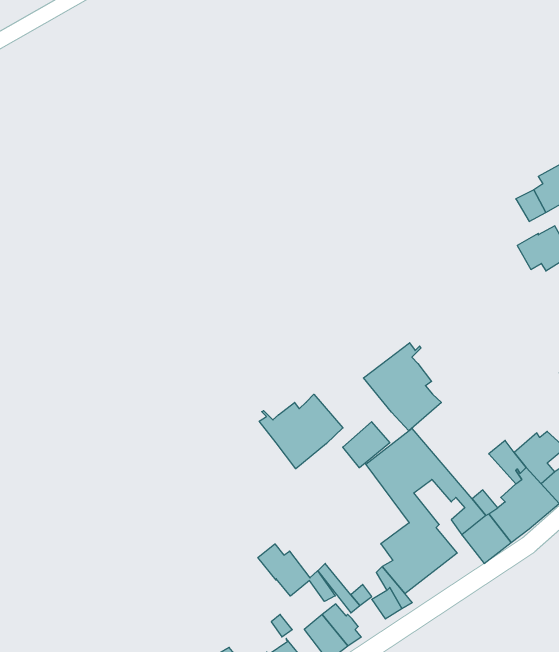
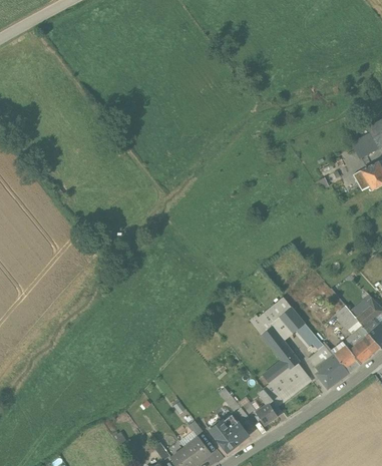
building: [363,343,441,431] -> none
building: [259,394,343,469] -> none
building: [343,422,390,468] -> none
building: [258,544,335,601] -> none

